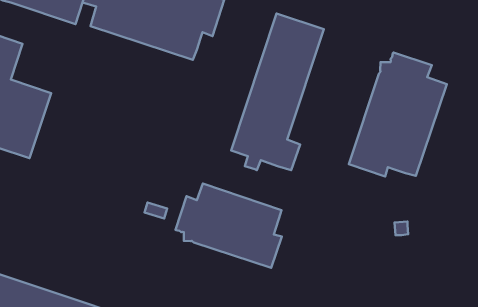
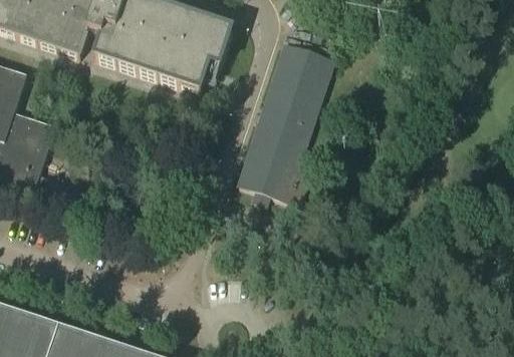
building: [349,52,447,176] -> none
building: [175,183,282,268] -> none

